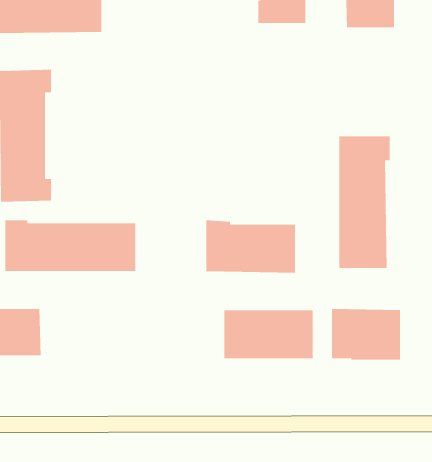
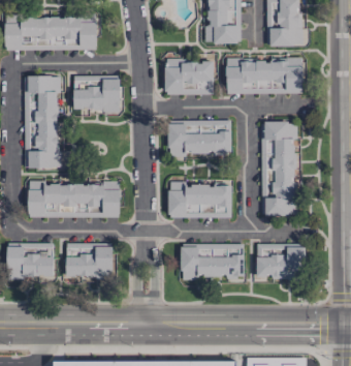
building: none -> [225,57,302,94]
building: none -> [164,60,214,95]
building: none -> [73,75,120,111]
building: none -> [168,120,231,155]
building: none -> [65,243,113,278]

